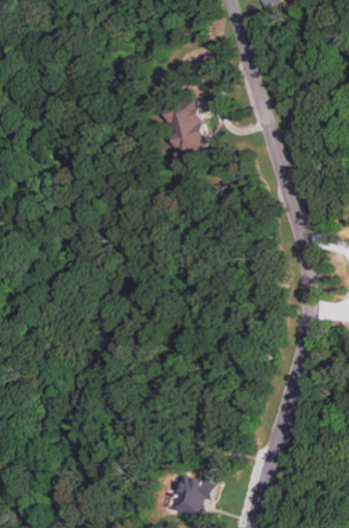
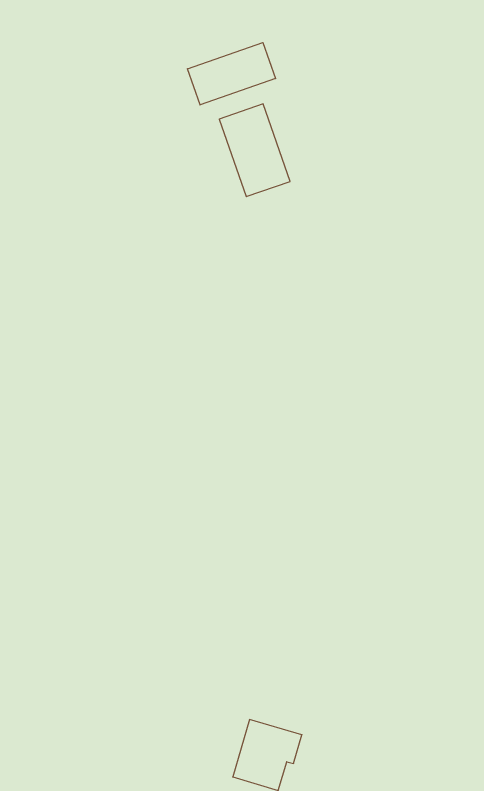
building: none -> [187,43,276,105]

